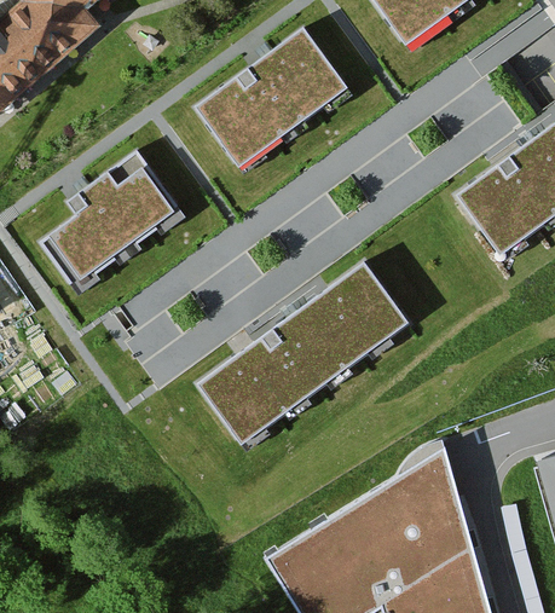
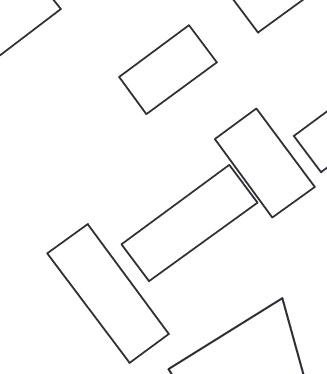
building: [44,163,177,291] -> none
building: none -> [215,109,315,217]
building: none -> [47,224,169,363]

